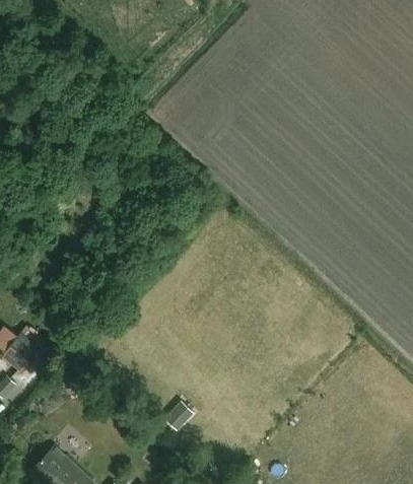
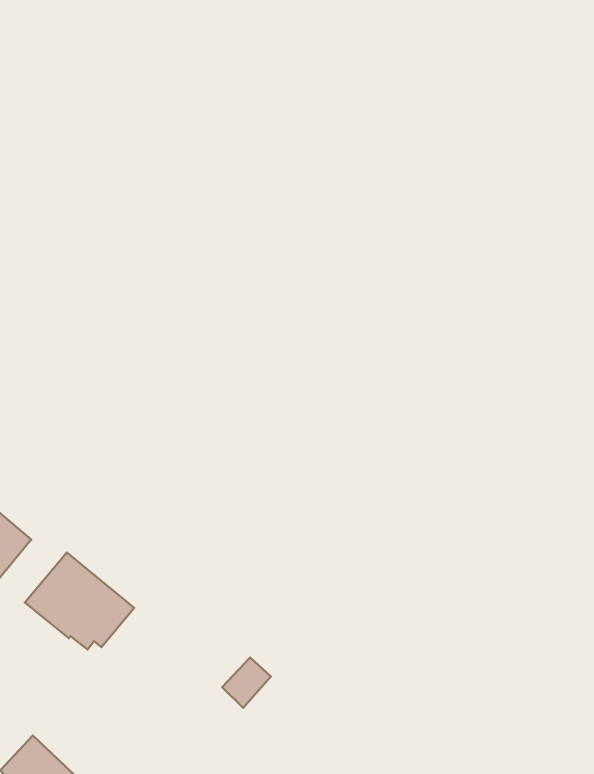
building: none -> [25,553,134,650]

